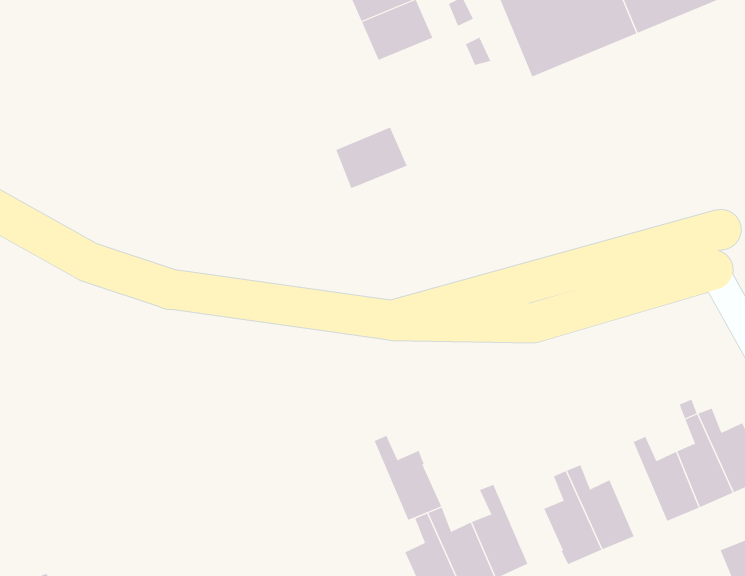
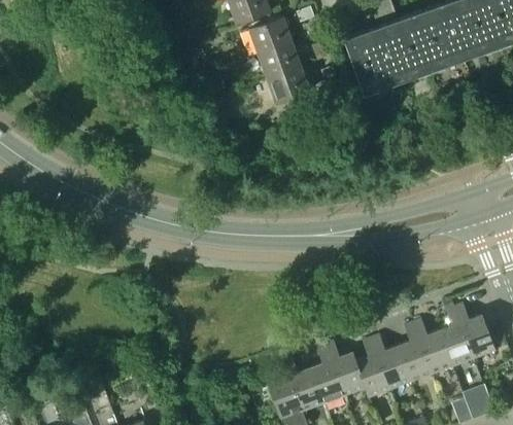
building: [335,127,408,189] -> [268,67,312,104]
building: [374,435,442,520] -> [326,343,366,396]
building: none -> [398,324,432,383]

